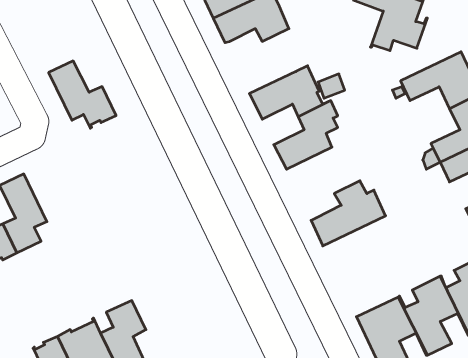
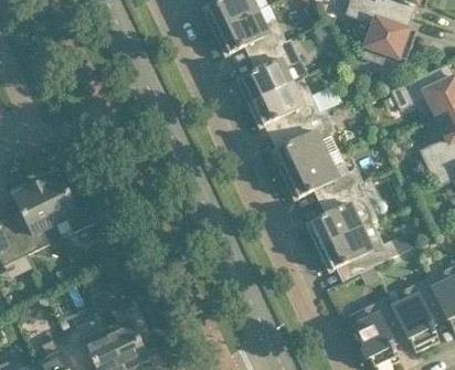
building: none -> [235,39,300,103]
building: [49,61,116,128] -> [32,168,96,232]
building: none -> [282,154,361,199]
building: none -> [316,219,396,271]

